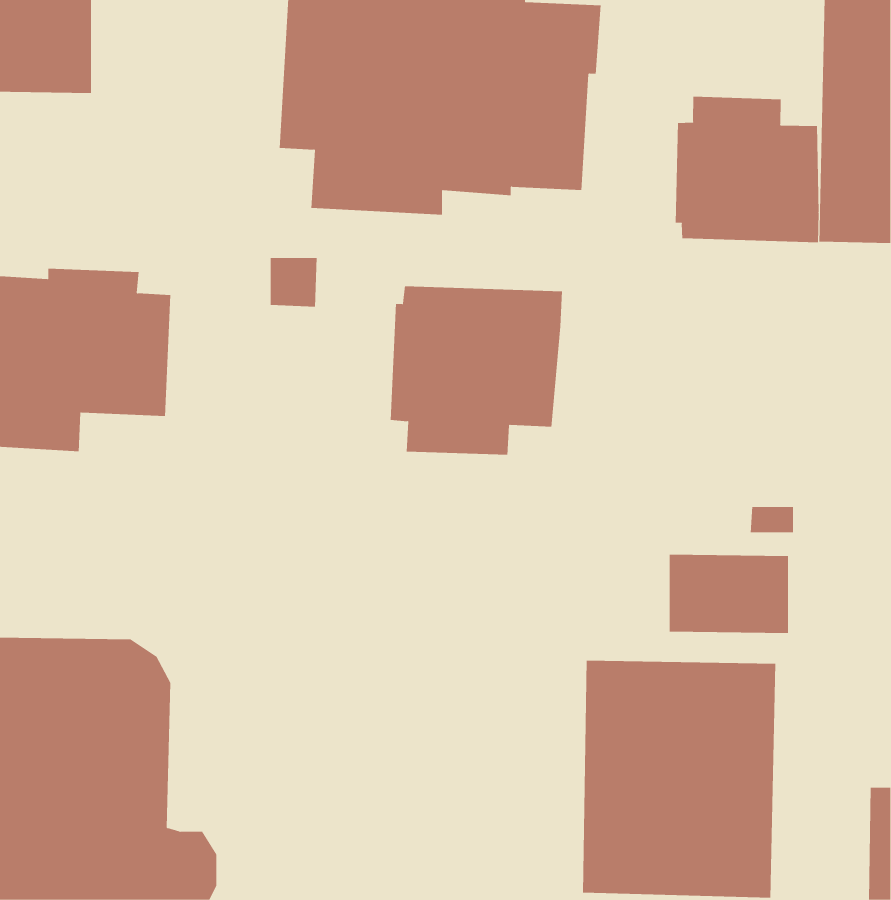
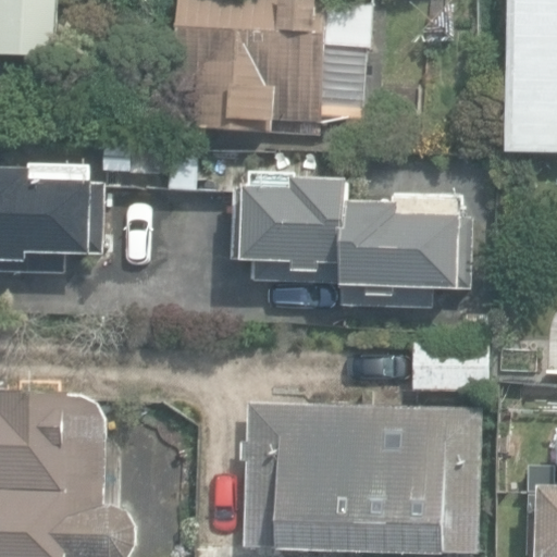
building: [675,96,819,243] -> none
building: none -> [339,201,470,307]
building: none -> [243,404,361,550]

